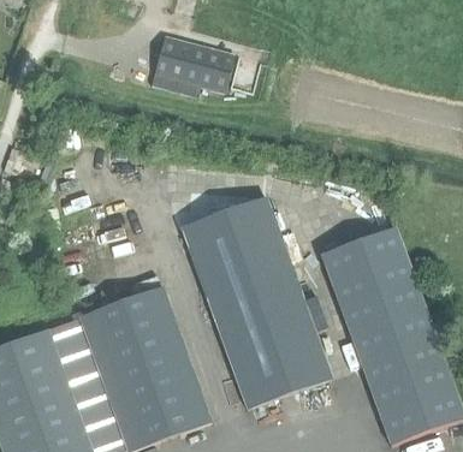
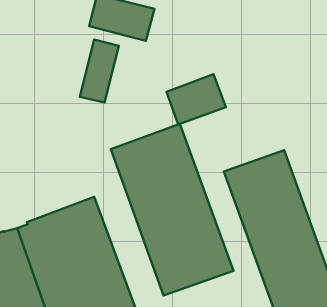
building: none -> [80,39,119,102]
building: none -> [166,74,226,124]

